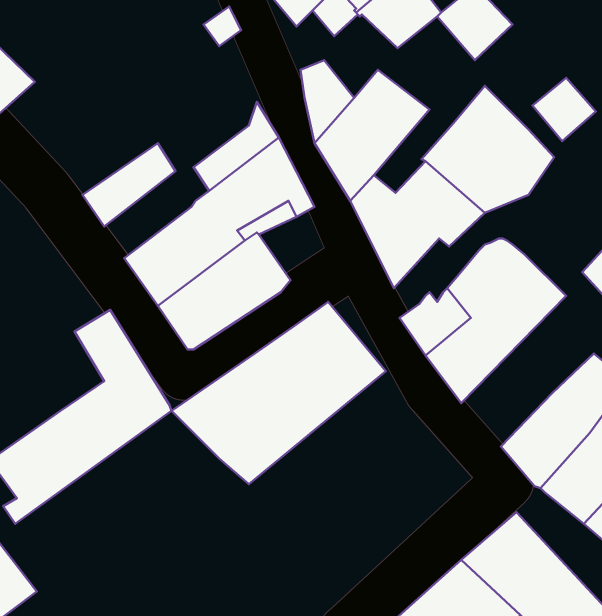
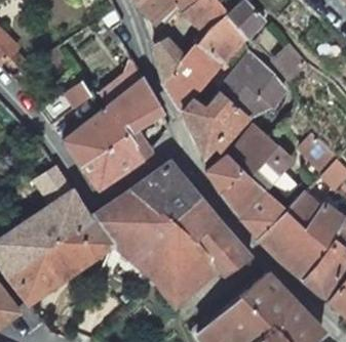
building: none -> [196,16,246,65]
building: none -> [242,193,286,239]
building: none -> [129,200,252,307]
building: none -> [8,220,114,304]

